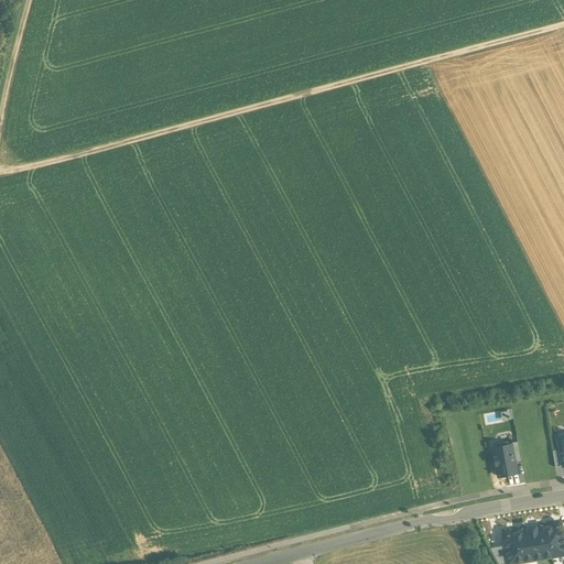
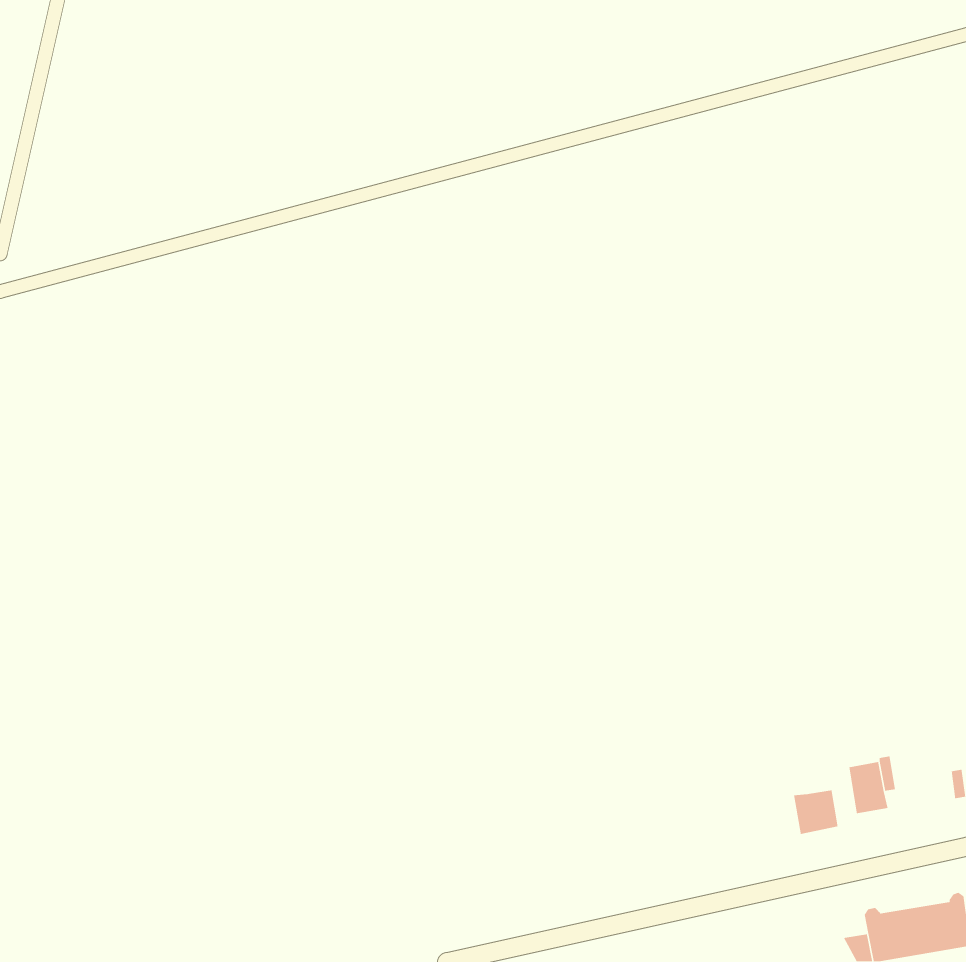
building: none -> [793,789,838,835]

